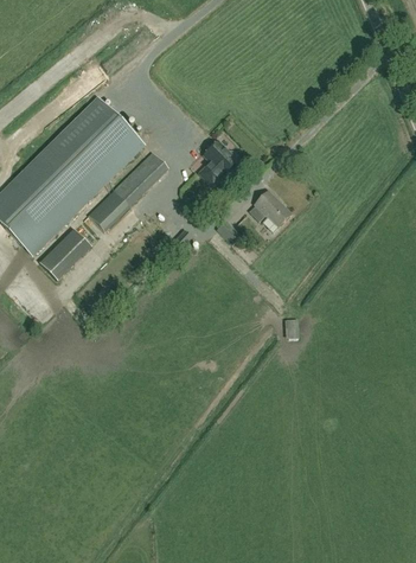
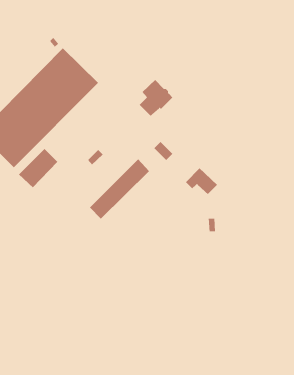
building: [90,152,169,231] -> [89,159,150,219]
building: [249,192,292,228] -> [185,168,218,195]

